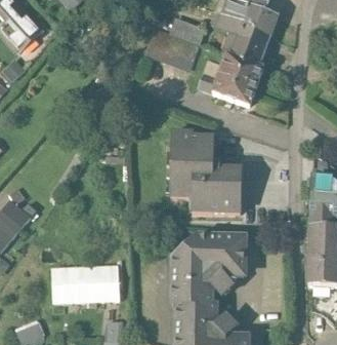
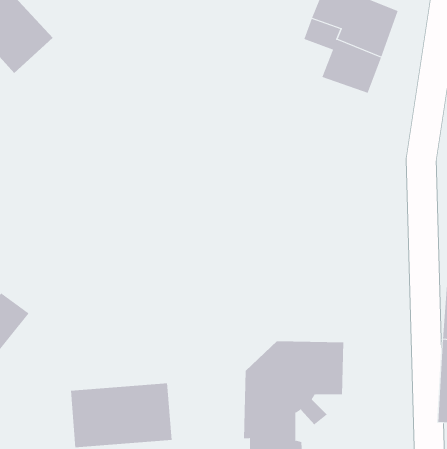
building: [206,52,261,107] -> none
building: [171,133,244,215] -> none

